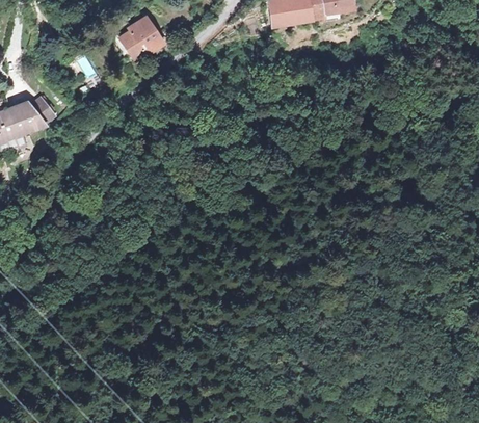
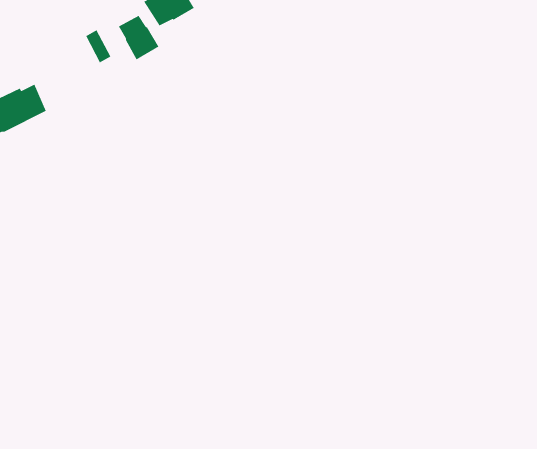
building: none -> [118,15,160,60]

